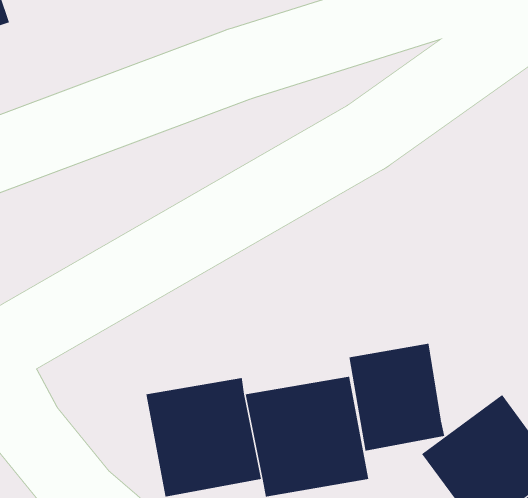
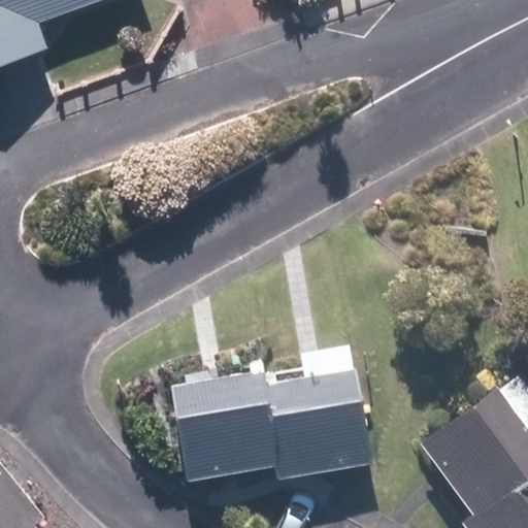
building: [349,343,445,451] -> none

